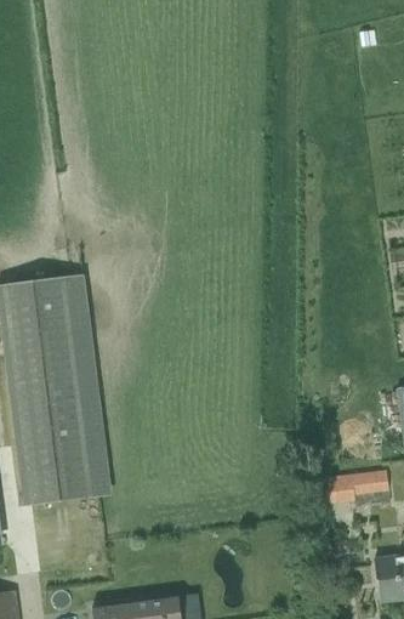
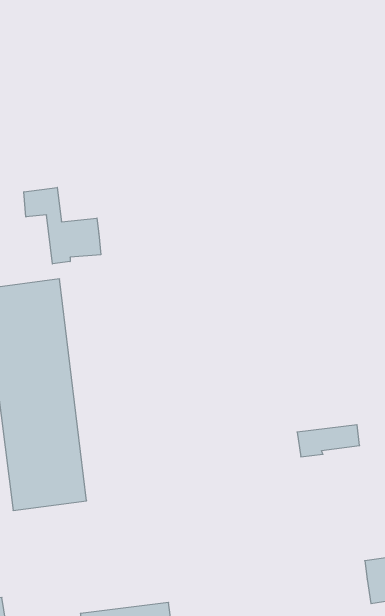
building: none -> [24,187,101,264]
building: [328,471,389,502] -> [297,425,360,457]

